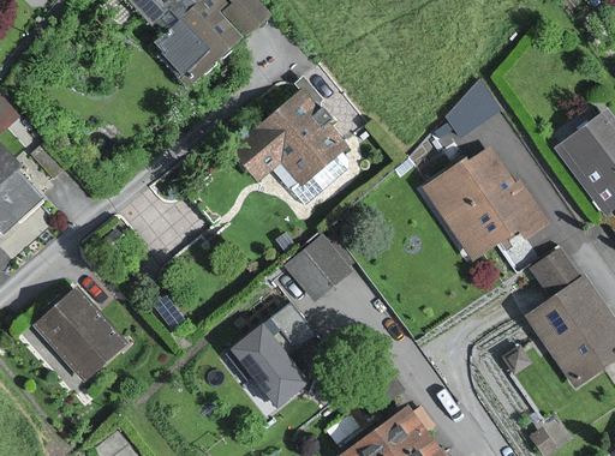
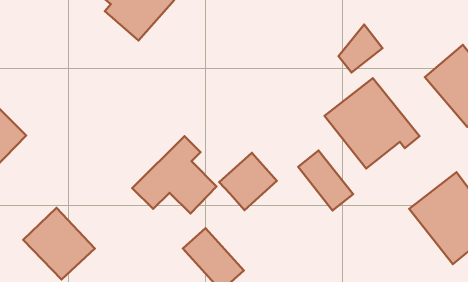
building: [229,90,336,188] -> [132,136,217,213]
building: none -> [298,150,353,211]
building: [531,247,578,293] -> none

